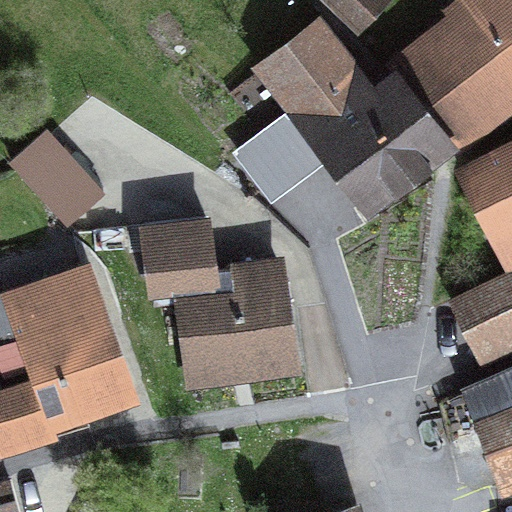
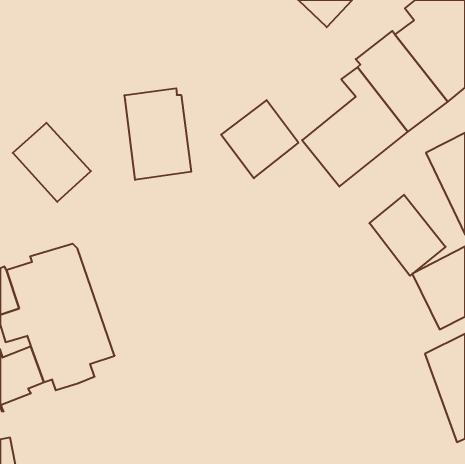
building: [261,24,391,158] -> none
building: none -> [125,88,191,180]
building: none -> [369,195,446,276]
building: [145,219,291,373] -> none

